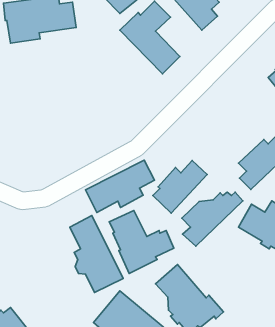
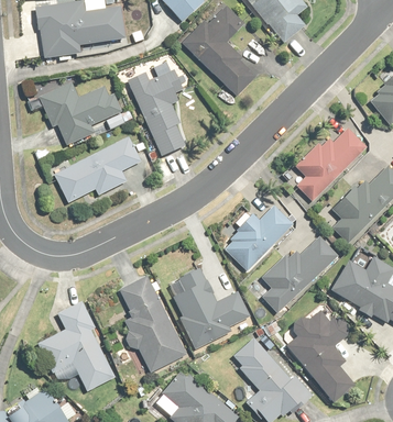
building: none -> [128,68,187,154]
building: none -> [39,82,133,145]
building: none -> [294,129,368,200]
building: [85,160,155,213] -> [54,136,141,202]
building: none -> [39,300,116,390]
building: none -> [285,311,354,402]

